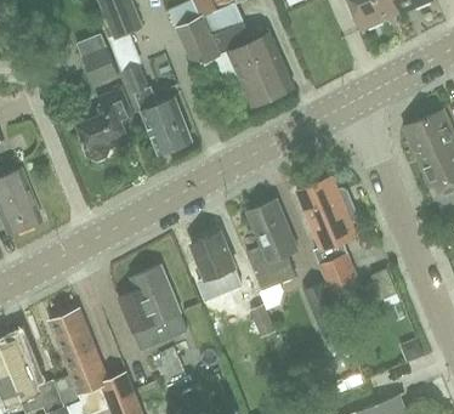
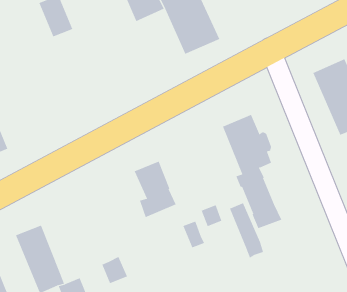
building: [124,63,192,152] -> none
building: [79,84,134,158] -> none
building: [246,199,296,290] -> none
building: [118,265,187,348] -> none

